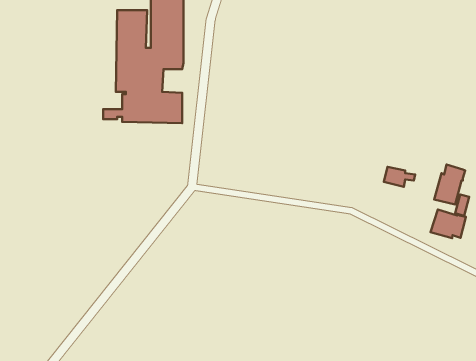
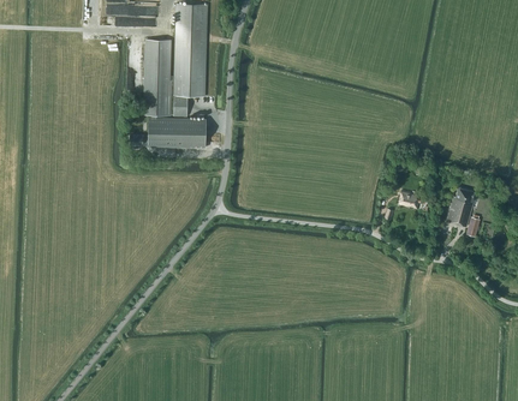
building: [430,209,466,238] -> none

